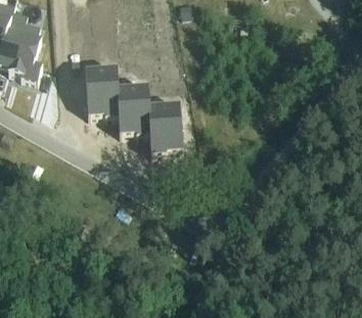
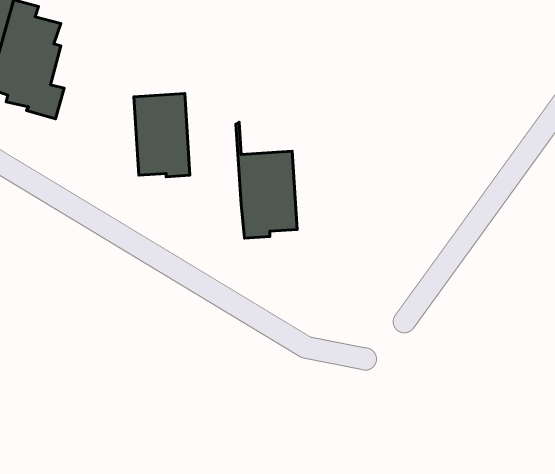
building: [115,67,148,135] -> none

